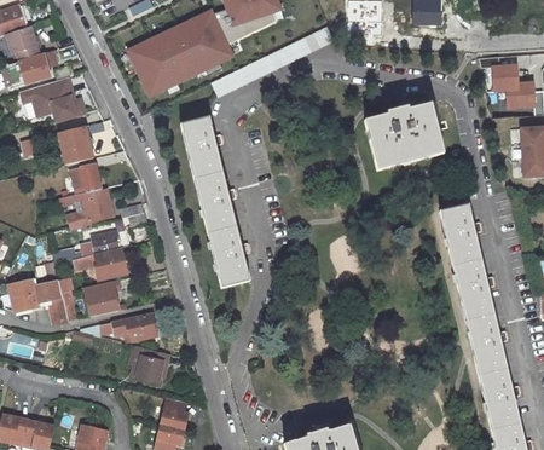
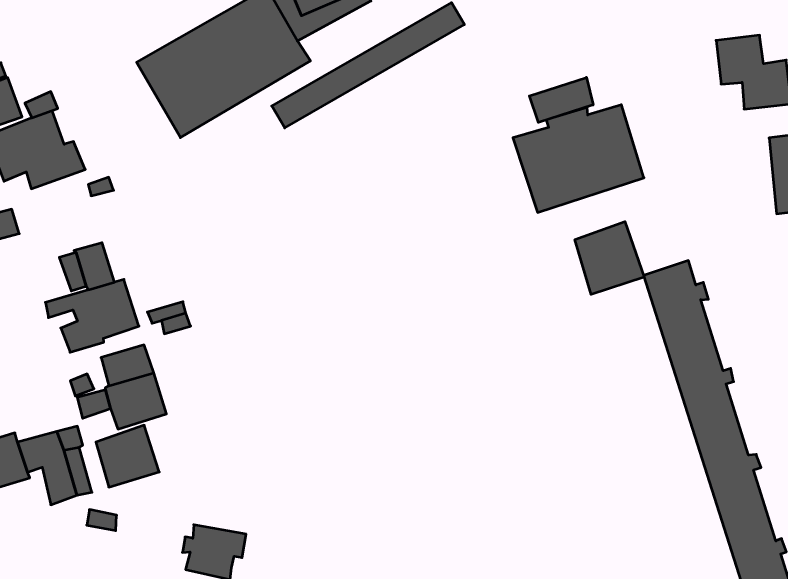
building: none -> [529,77,593,122]
building: [181,115,251,283] -> none
building: [56,125,94,165] -> none
building: none -> [575,222,644,294]
building: [103,312,158,340] -> none

